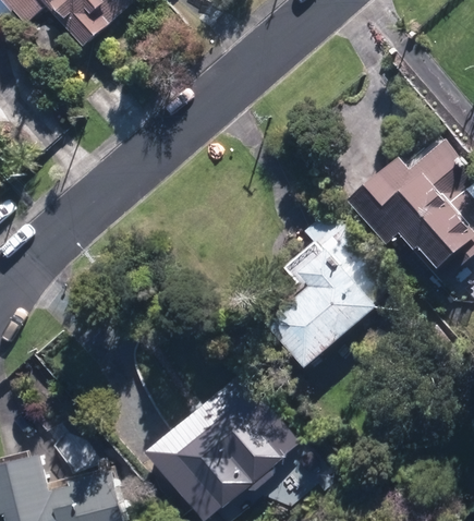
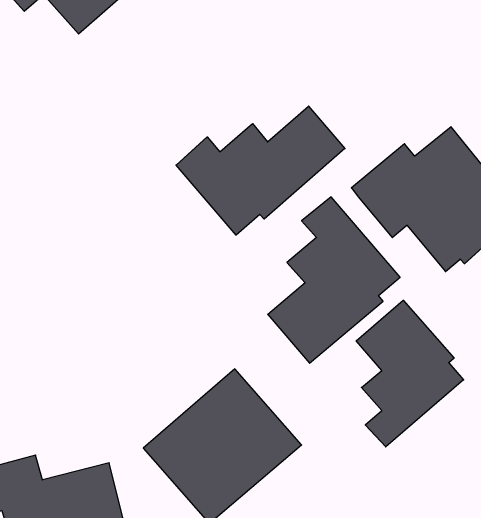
building: none -> [176,106,345,235]
building: none -> [356,300,464,447]

